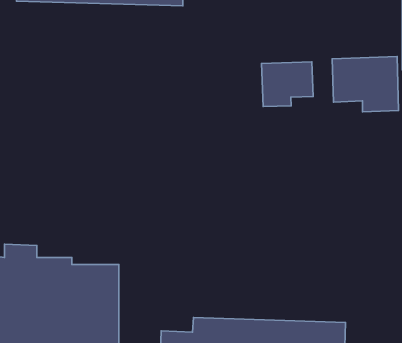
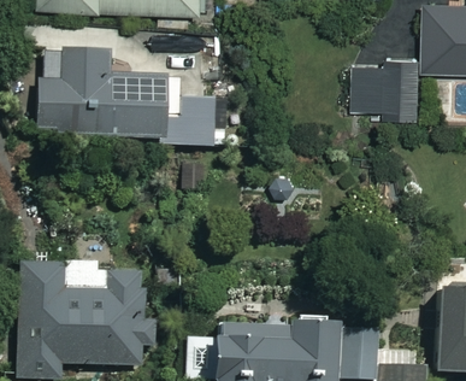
building: none -> [36,55,212,142]
building: [261,62,313,107] -> none

